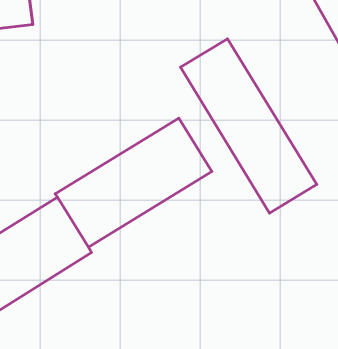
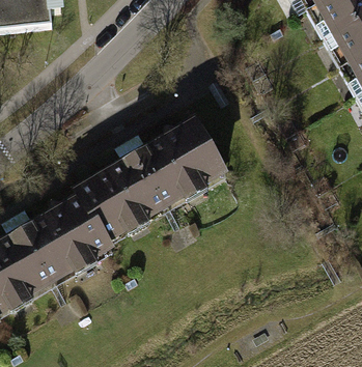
building: [180,39,317,213] -> none

